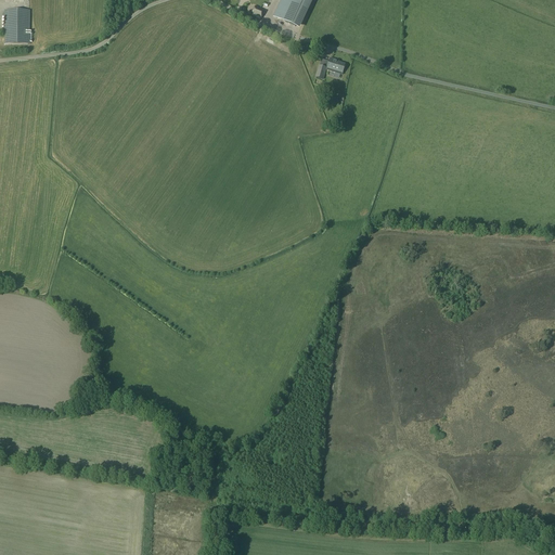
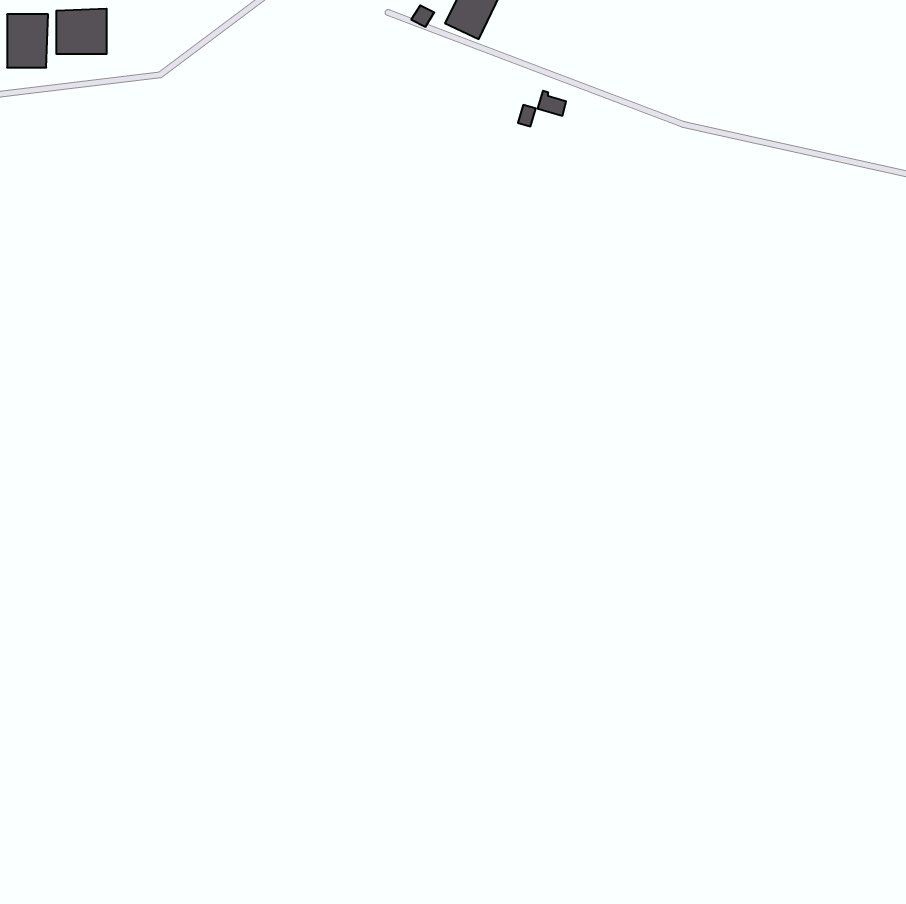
building: none -> [56,9,107,54]

